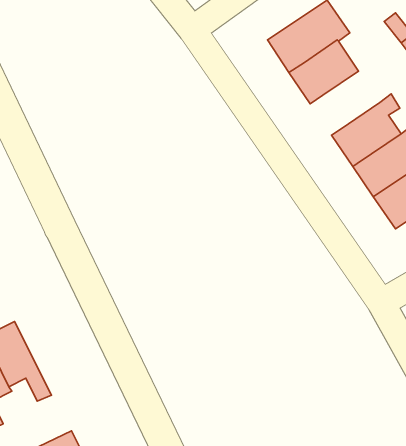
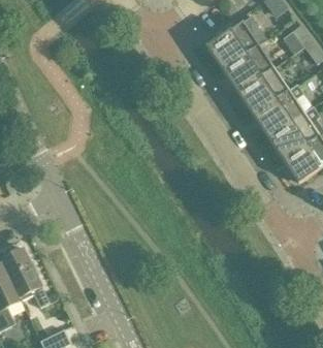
building: none -> [237,65,288,112]

